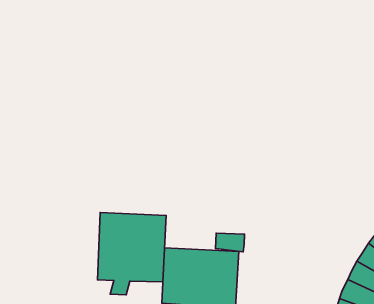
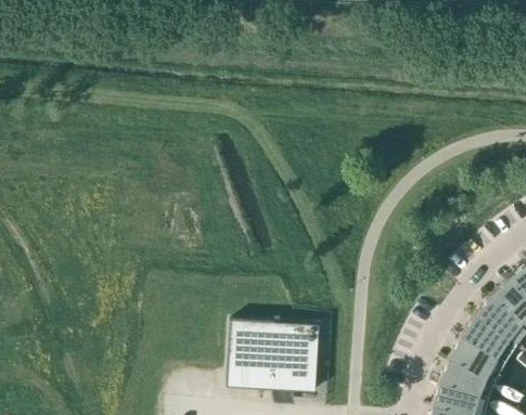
building: [98,212,166,295] -> none
building: [215,233,244,252] -> none

